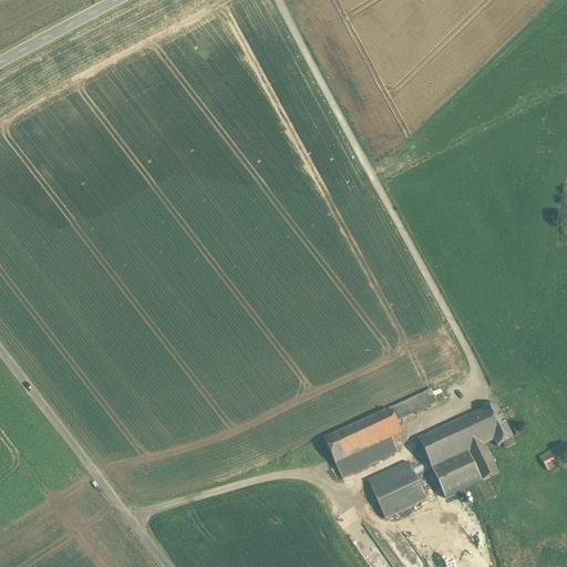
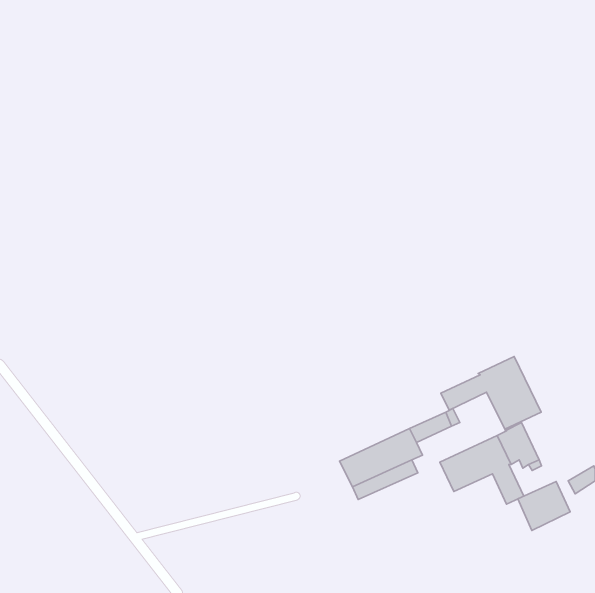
building: none -> [441,356,541,429]
building: [431,450,481,496] -> [518,481,570,530]
building: [367,460,425,516] -> none

